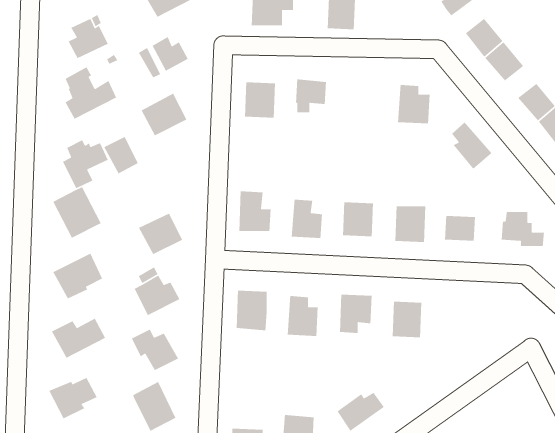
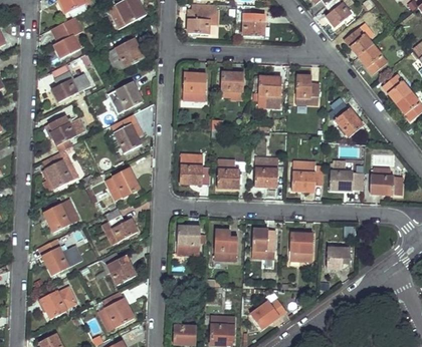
building: none -> [257,75,281,102]
building: [103,136,139,174] -> [114,124,140,152]
building: none -> [328,247,351,268]

